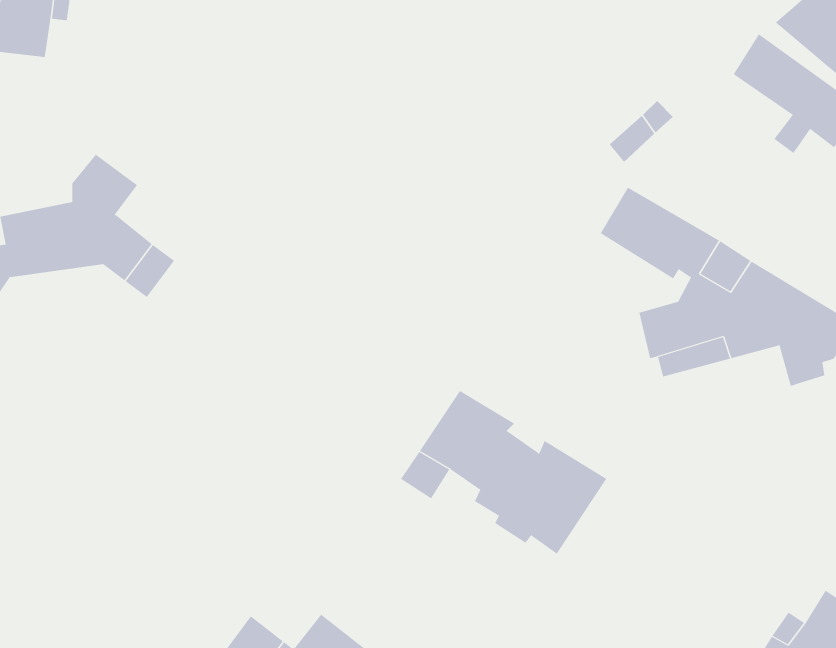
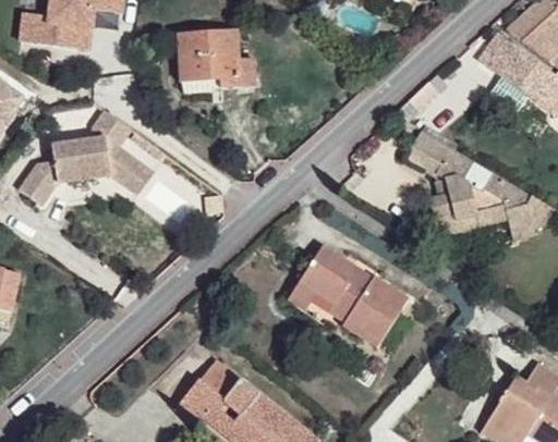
building: none -> [178,29,254,88]

